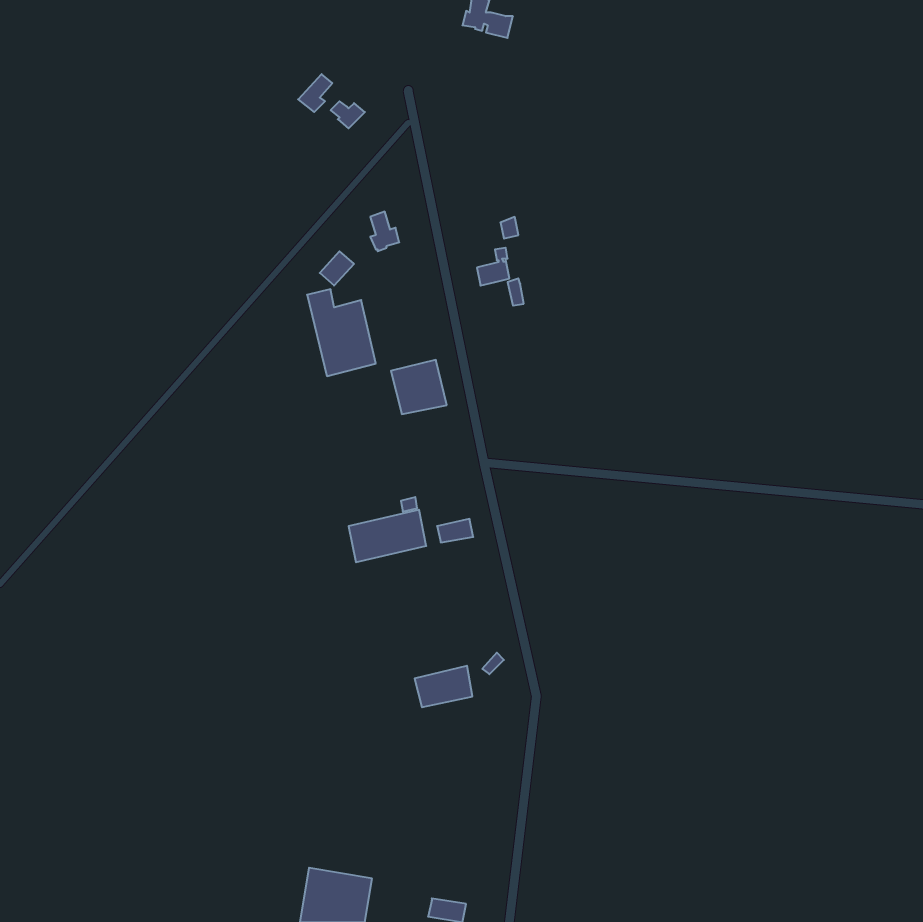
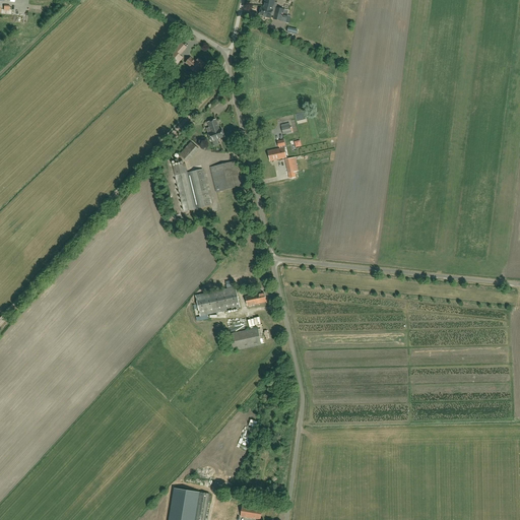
building: [391,360,447,414] -> [210,160,242,191]
building: [415,666,472,707] -> [229,327,261,350]

